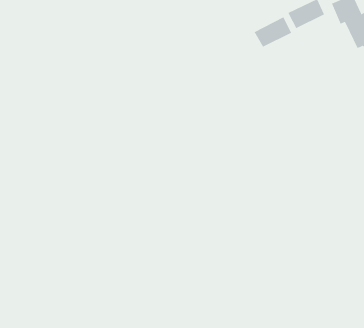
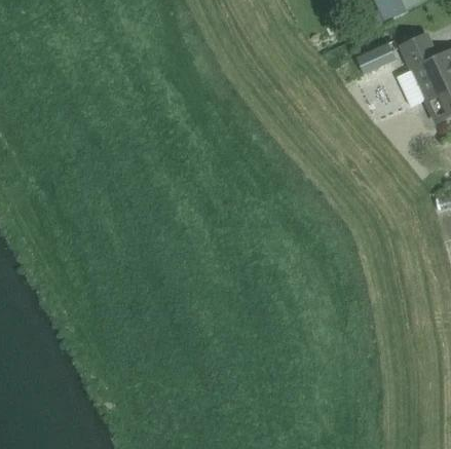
building: [254,17,292,48] -> none

